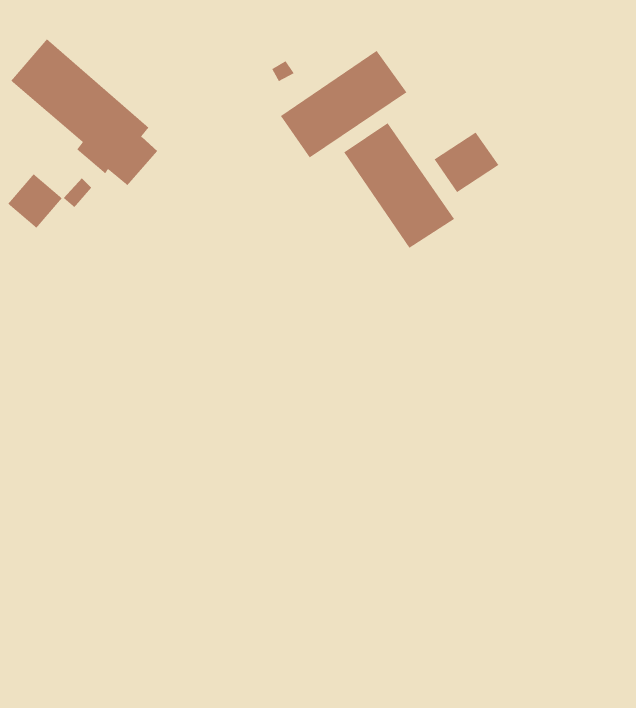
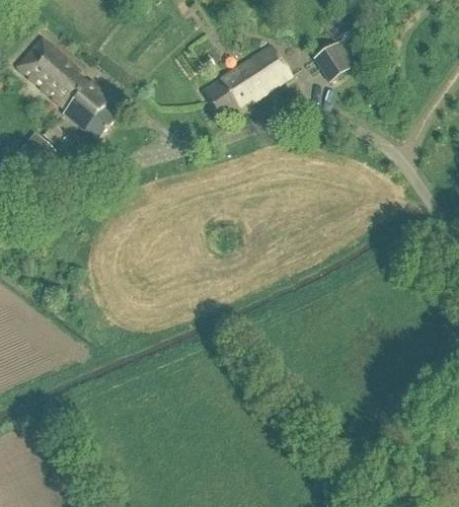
building: [343,122,455,249] -> none
building: [433,131,499,193] -> [312,37,358,79]

